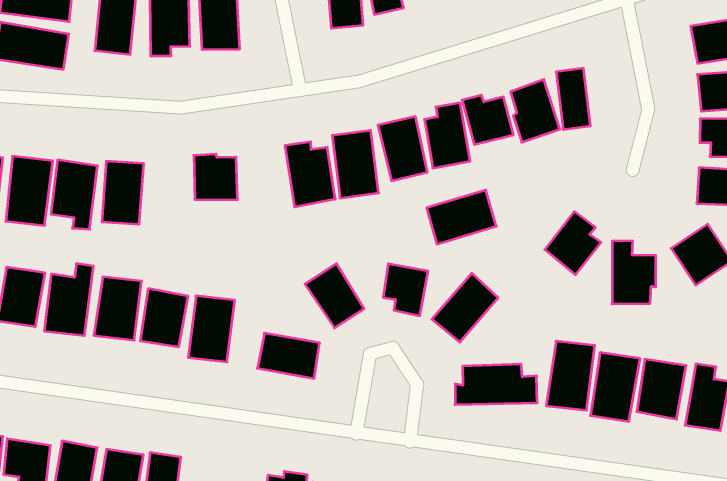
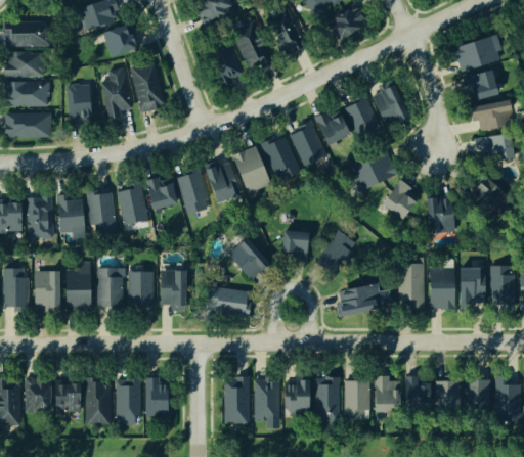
building: none -> [179,170,210,213]
building: none -> [119,186,146,223]
building: [427,190,496,244] -> [351,150,398,190]

